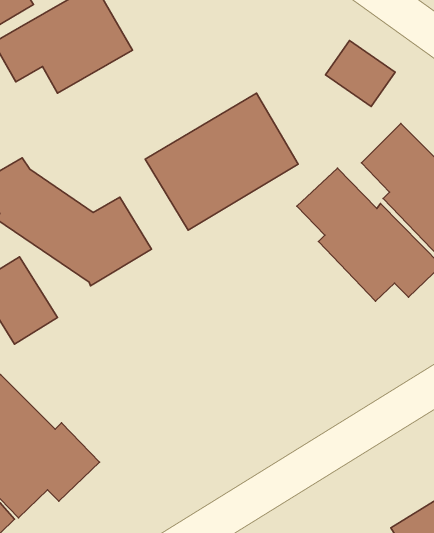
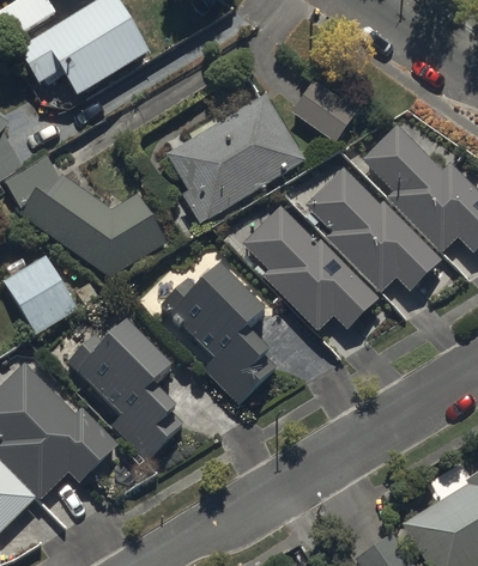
building: [325,41,395,107] -> [291,78,357,140]
building: none -> [242,205,377,331]
building: none -> [157,266,277,406]
building: none -> [63,321,182,460]

